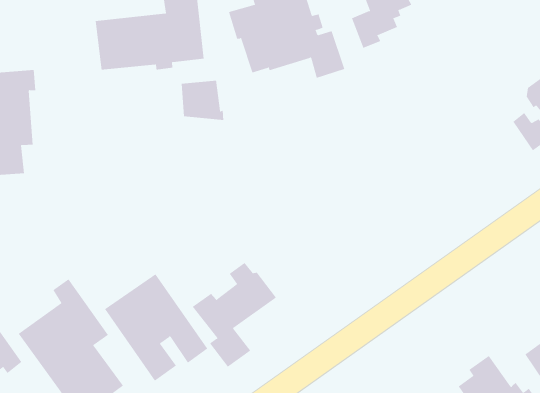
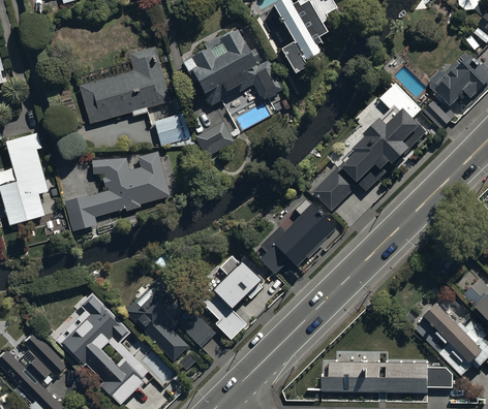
building: none -> [195,123,234,157]
building: none -> [62,150,169,229]
building: none -> [312,106,426,212]
building: none -> [258,204,335,275]

